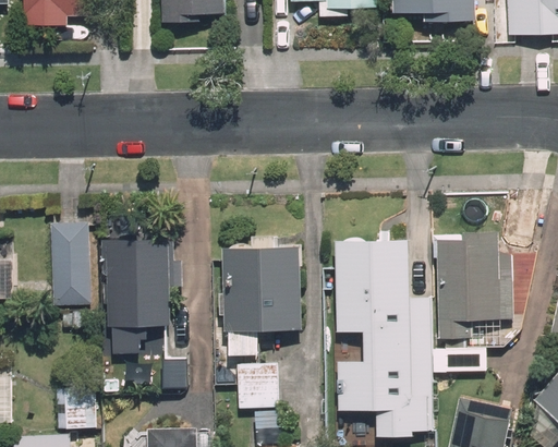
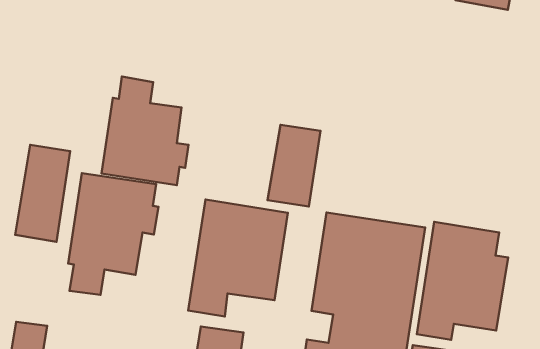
building: none -> [101,77,188,185]
building: none -> [268,125,320,207]

